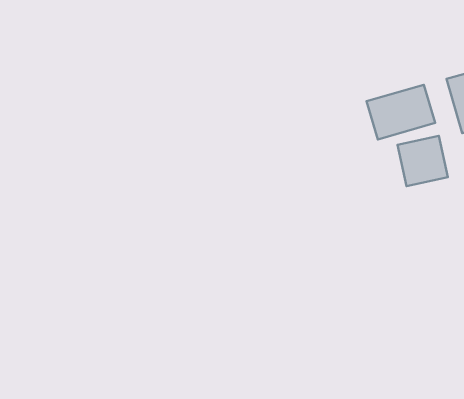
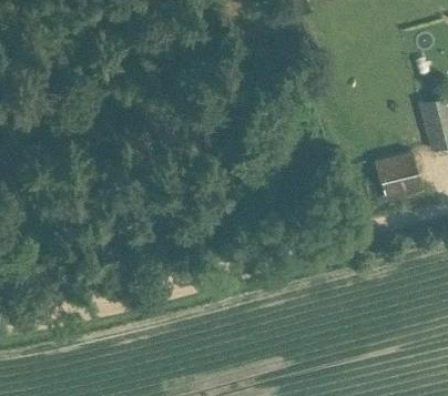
building: [367,85,435,139] -> none

